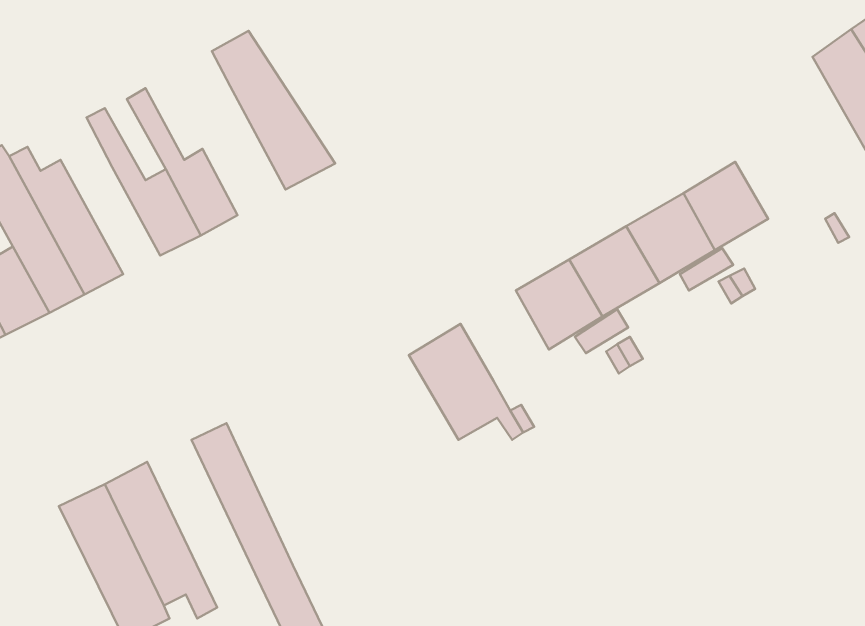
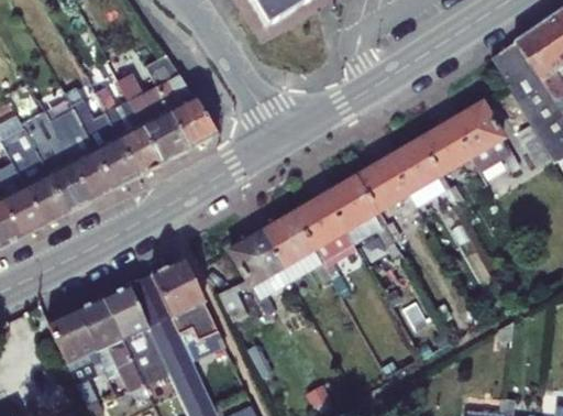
building: none -> [111,64,185,153]
building: none -> [43,101,110,188]
building: none -> [453,102,511,167]
building: none -> [289,198,342,252]
building: none -> [216,237,288,324]
building: none -> [150,262,221,362]
building: none -> [102,287,170,387]

